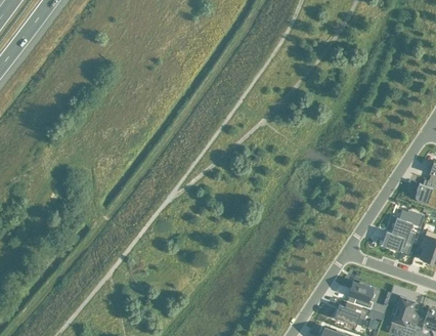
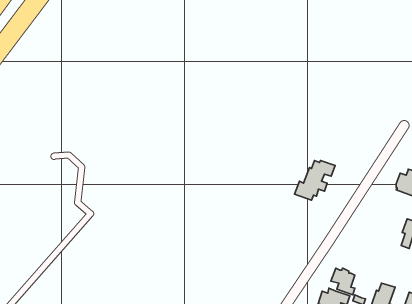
building: [383,210,425,251] -> [295,160,335,200]

